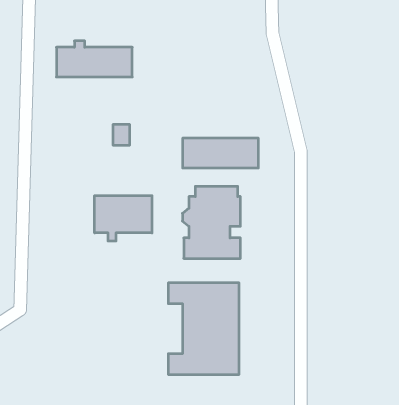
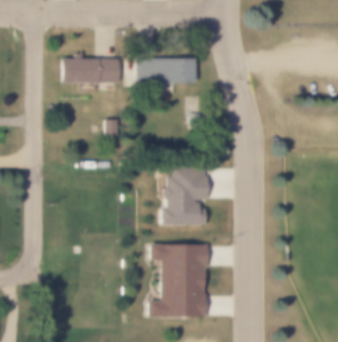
building: [183,138,258,168] -> [134,58,194,81]
building: [95,196,152,241] -> none

